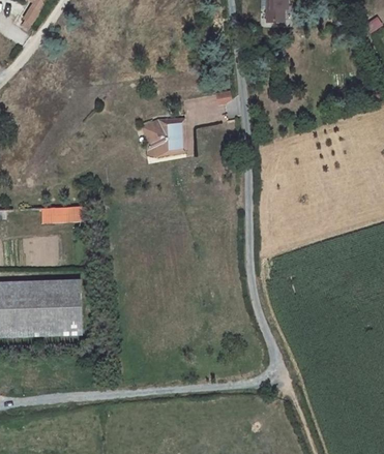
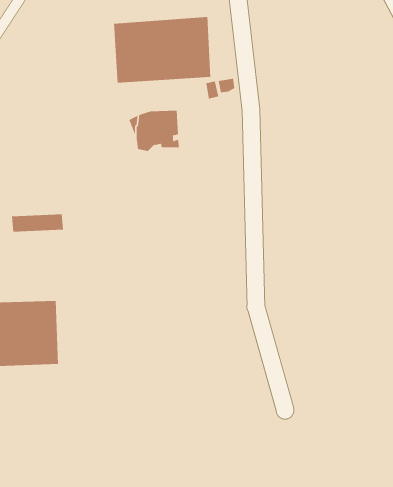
building: none -> [113,16,211,83]

